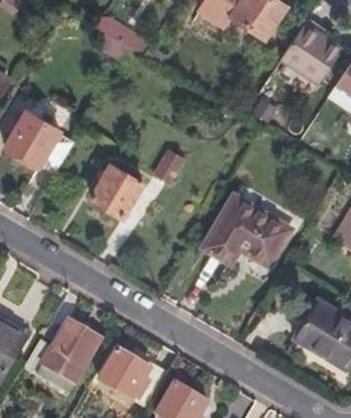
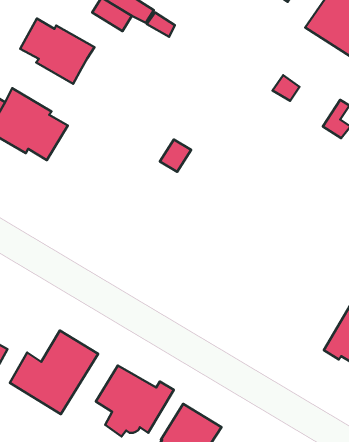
building: none -> [20,18,95,84]
building: [91,165,142,216] -> none
building: [203,195,290,263] -> none

